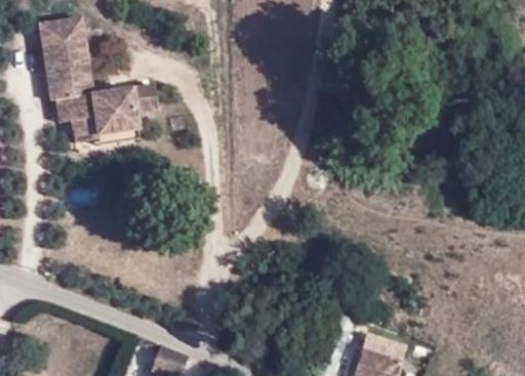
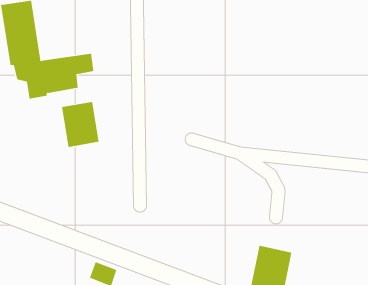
building: none -> [61,101,99,148]

